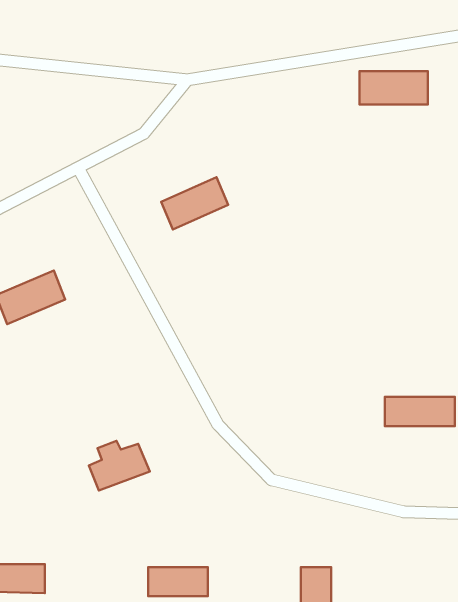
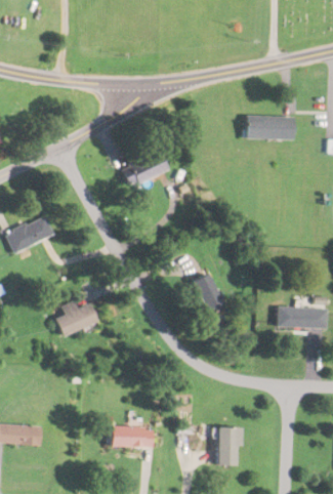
building: [360,71,428,105] -> [245,116,293,139]
building: none -> [191,272,223,312]
building: [89,441,150,490] -> [53,300,96,335]

